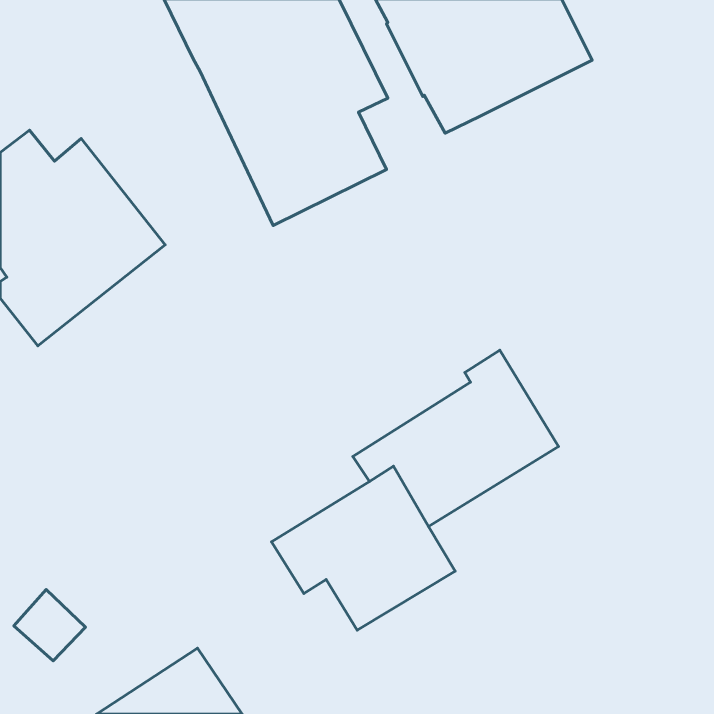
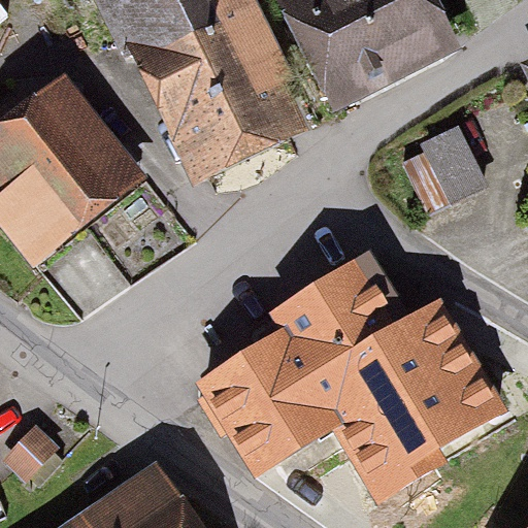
building: none -> [404,134,484,217]
building: none -> [317,315,497,487]

